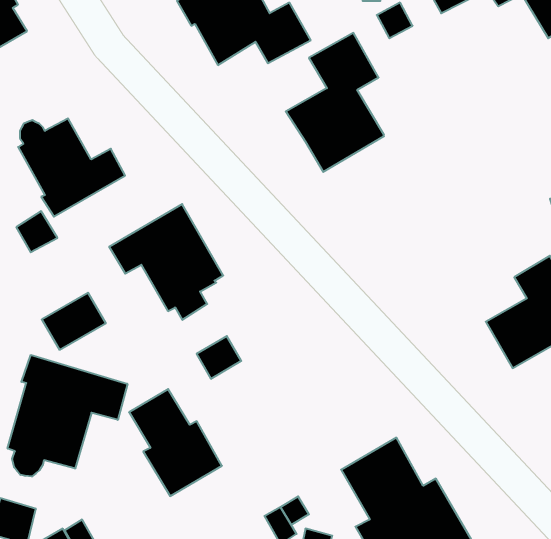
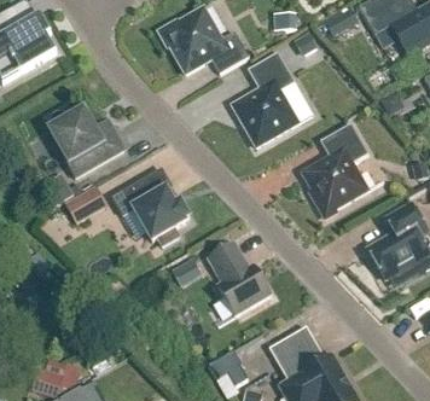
building: none -> [301,122,367,215]
building: [42,293,106,350] -> [63,184,106,222]
building: [8,355,127,477] -> none
building: [129,389,222,496] -> [207,242,269,314]

